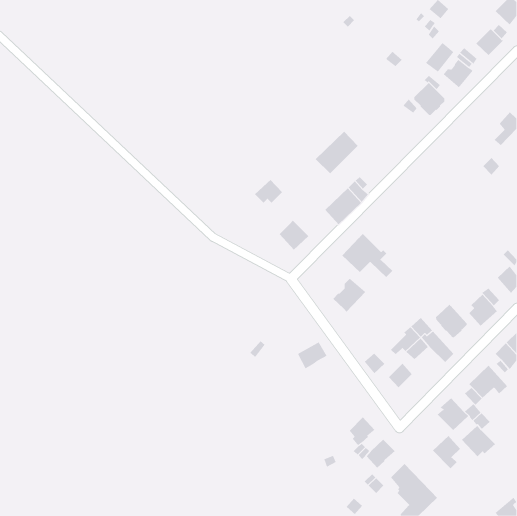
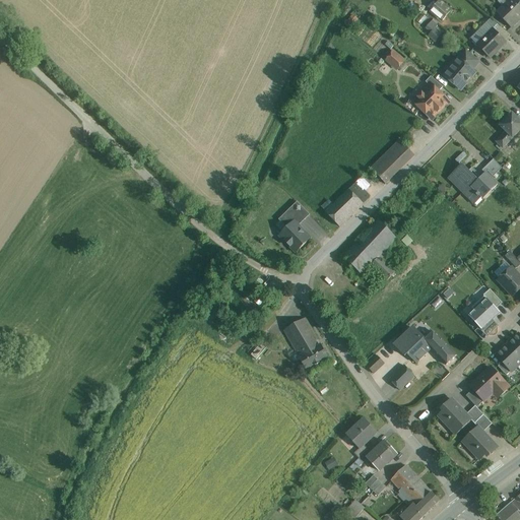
building: [425,42,454,73] -> none
building: [315,131,358,174] -> [370,139,413,183]
building: none -> [448,162,497,200]
building: [254,179,283,203] -> [280,200,309,224]
building: none -> [364,218,395,252]
building: [333,278,366,313] -> none
building: [435,304,467,338] -> none
building: none -> [283,317,320,354]
building: [432,435,461,469] -> none

